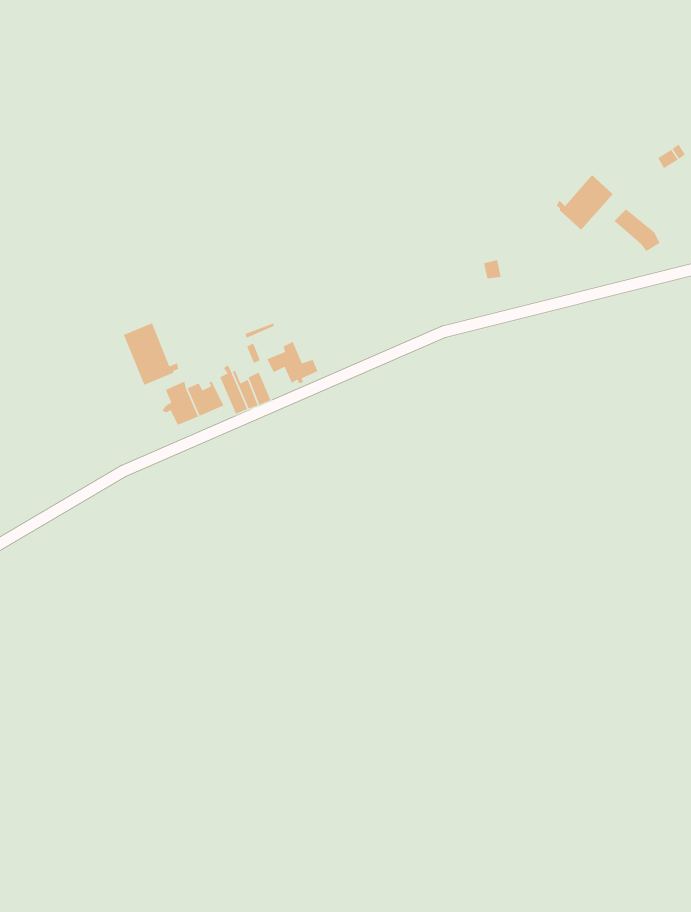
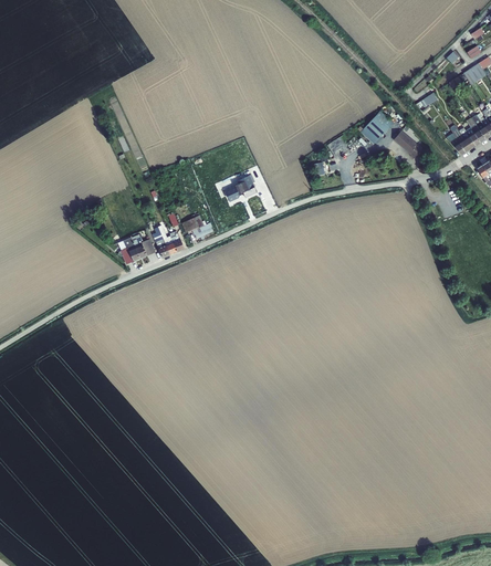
building: none -> [224,175,258,202]
building: [123,322,179,386] -> none

